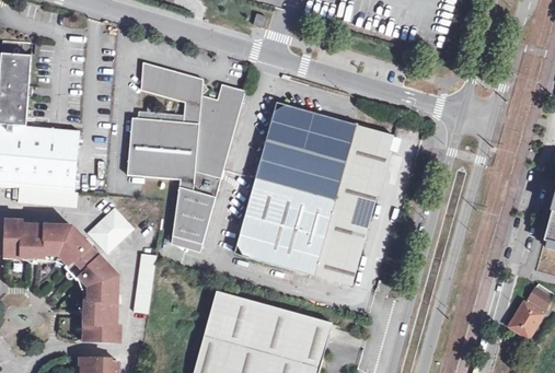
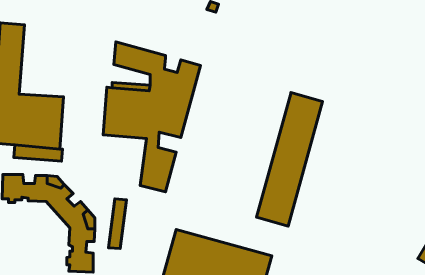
building: [236,105,355,275] -> none
building: [86,207,132,253] -> none

